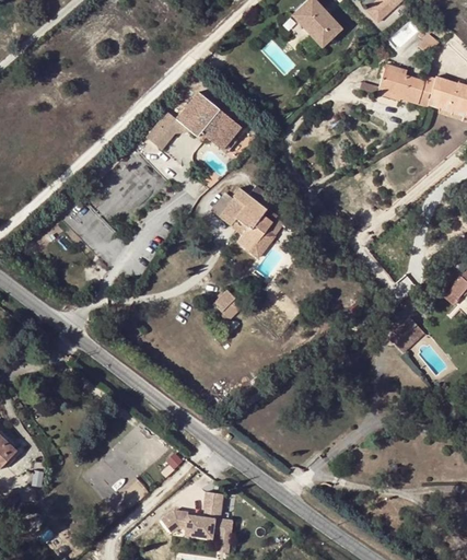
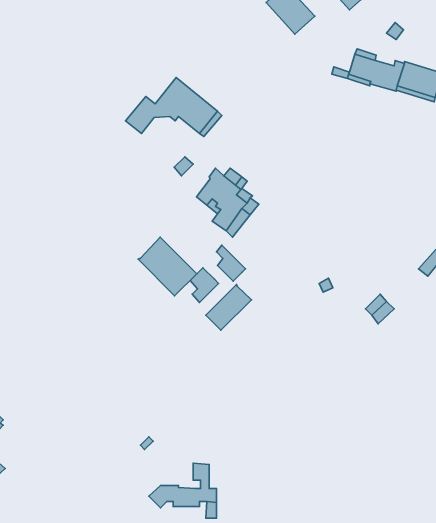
building: none -> [138,237,197,296]
building: none -> [216,245,246,281]
building: none -> [206,285,251,330]

